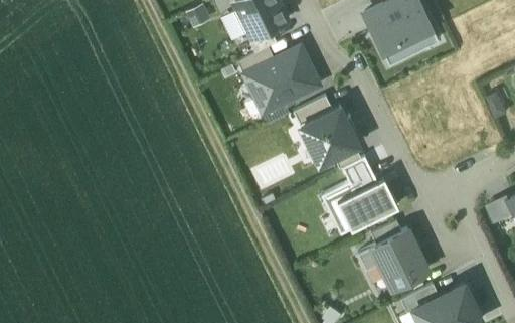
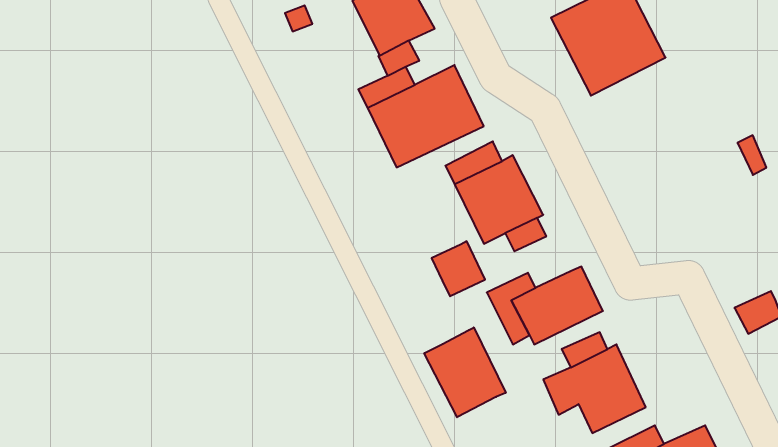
building: [342,158,377,194] -> [432,241,485,296]
building: none -> [424,327,506,417]

